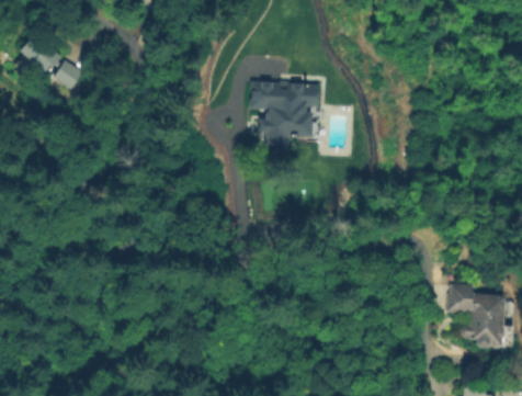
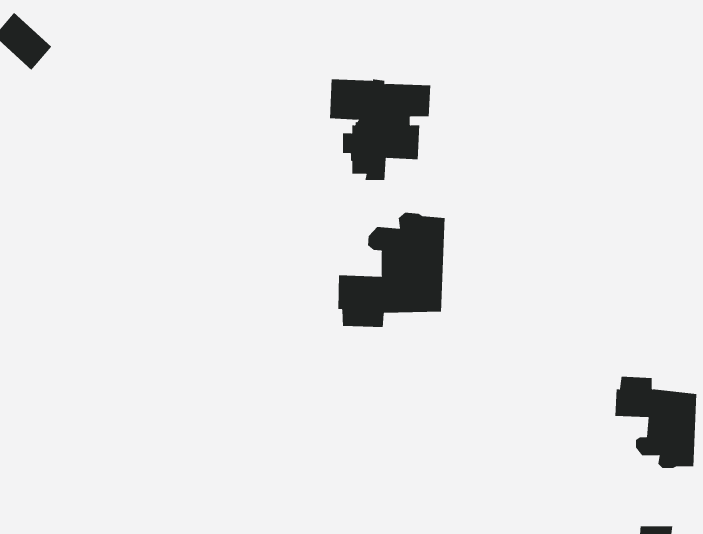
building: [54,60,83,90] -> none
building: none -> [338,212,445,328]

